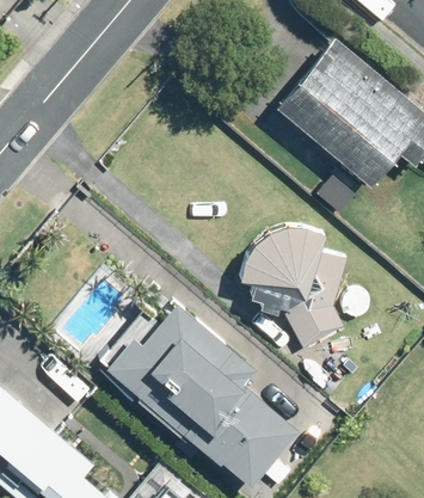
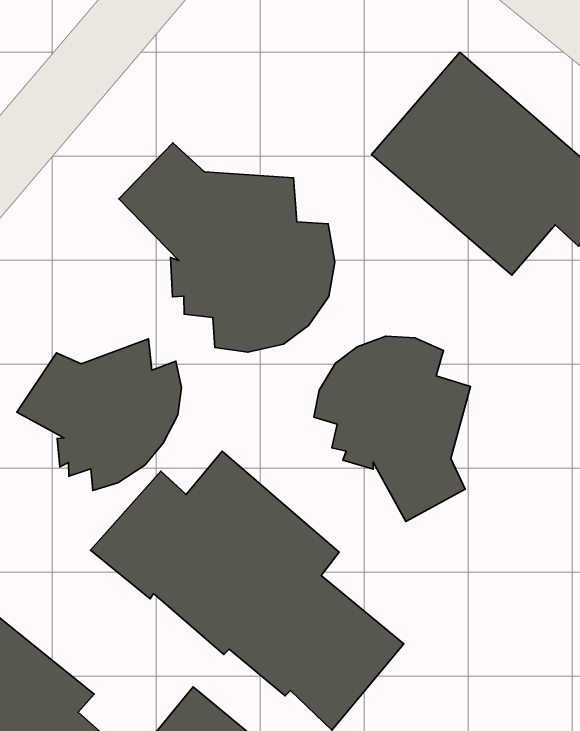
building: none -> [119,143,335,352]
building: none -> [17,339,182,490]

